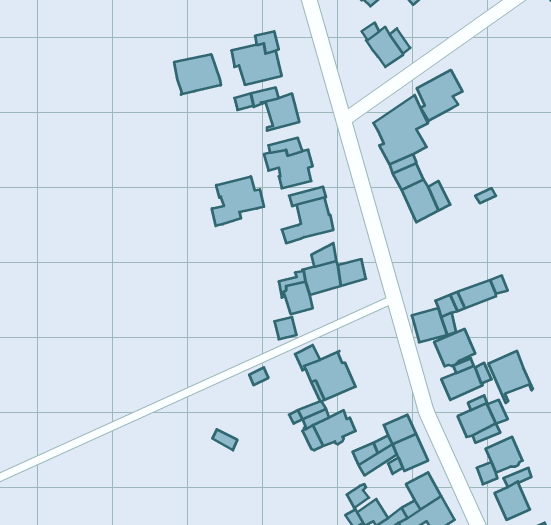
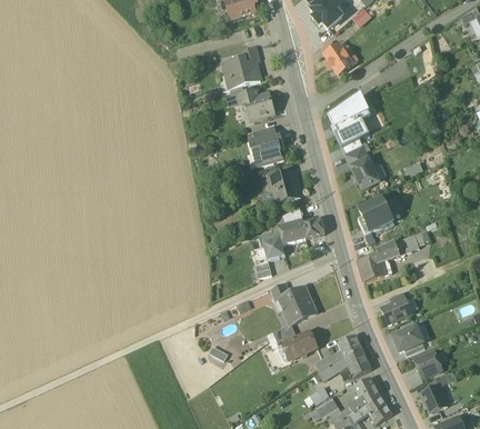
building: [174,54,221,95] -> none
building: [417,70,462,121] -> none
building: [212,176,264,226] -> none
building: none -> [358,198,392,233]
building: [434,329,475,366] -> none
building: [489,351,533,403] -> none

